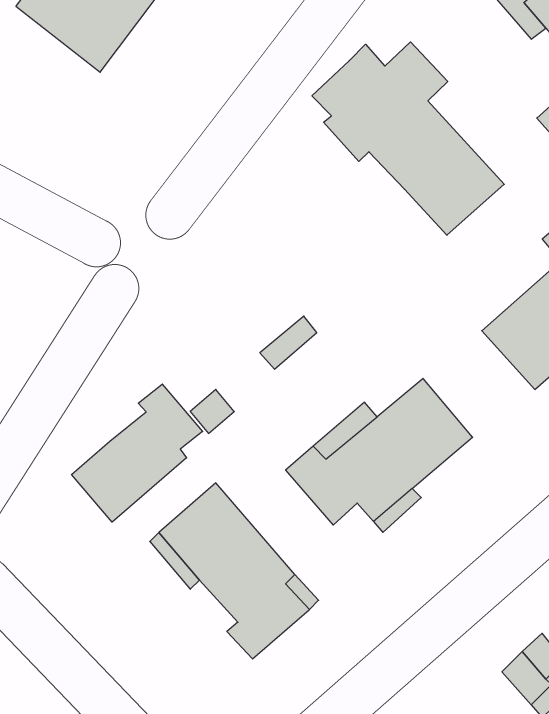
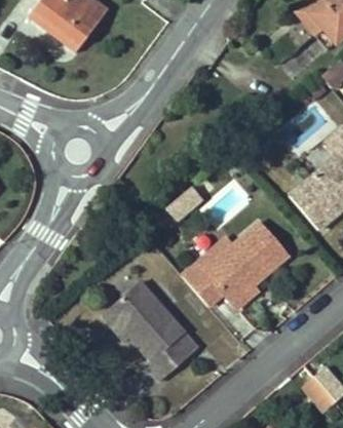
building: [312,42,504,235] -> none
building: [72,384,203,522] -> none

